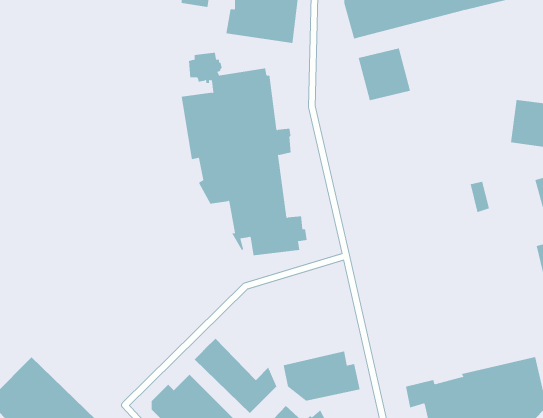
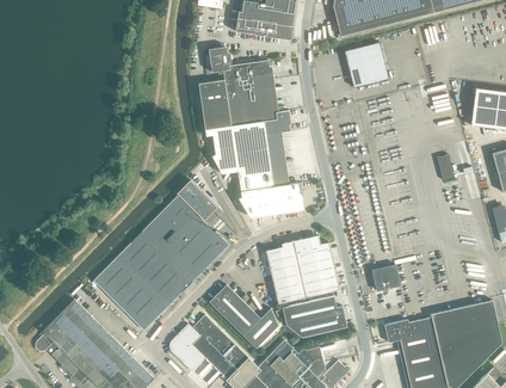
building: none -> [94,179,229,330]
building: none -> [266,235,340,303]
building: none -> [372,264,401,290]

